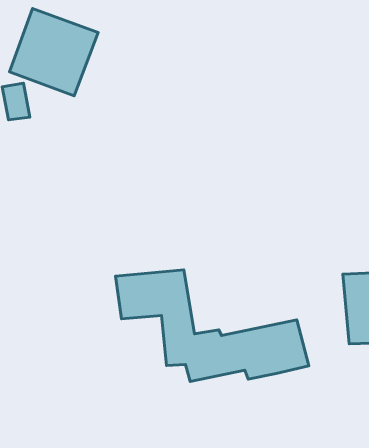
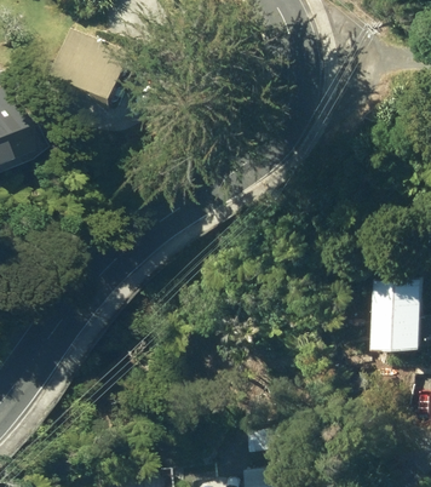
building: [115,270,309,382] -> none

